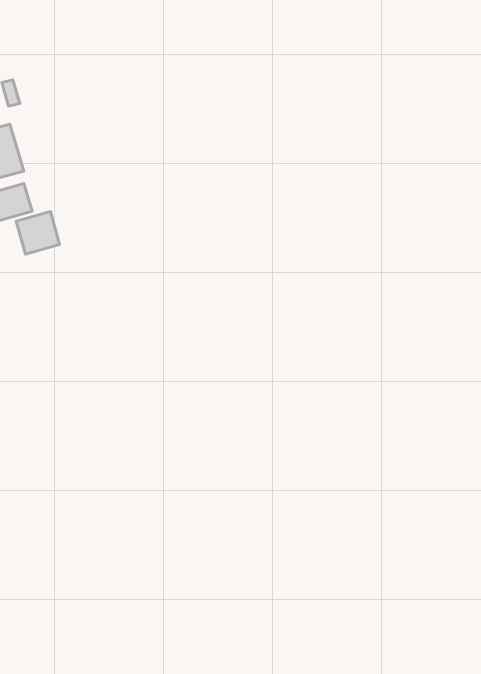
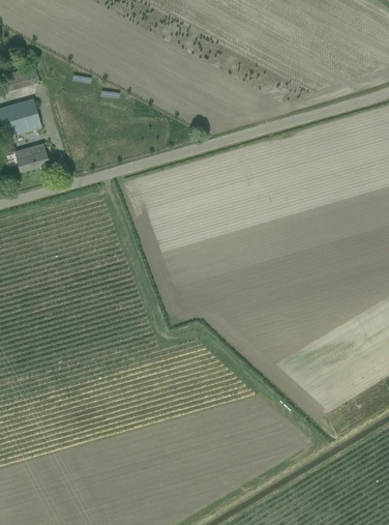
building: [16,211,60,254] -> none

